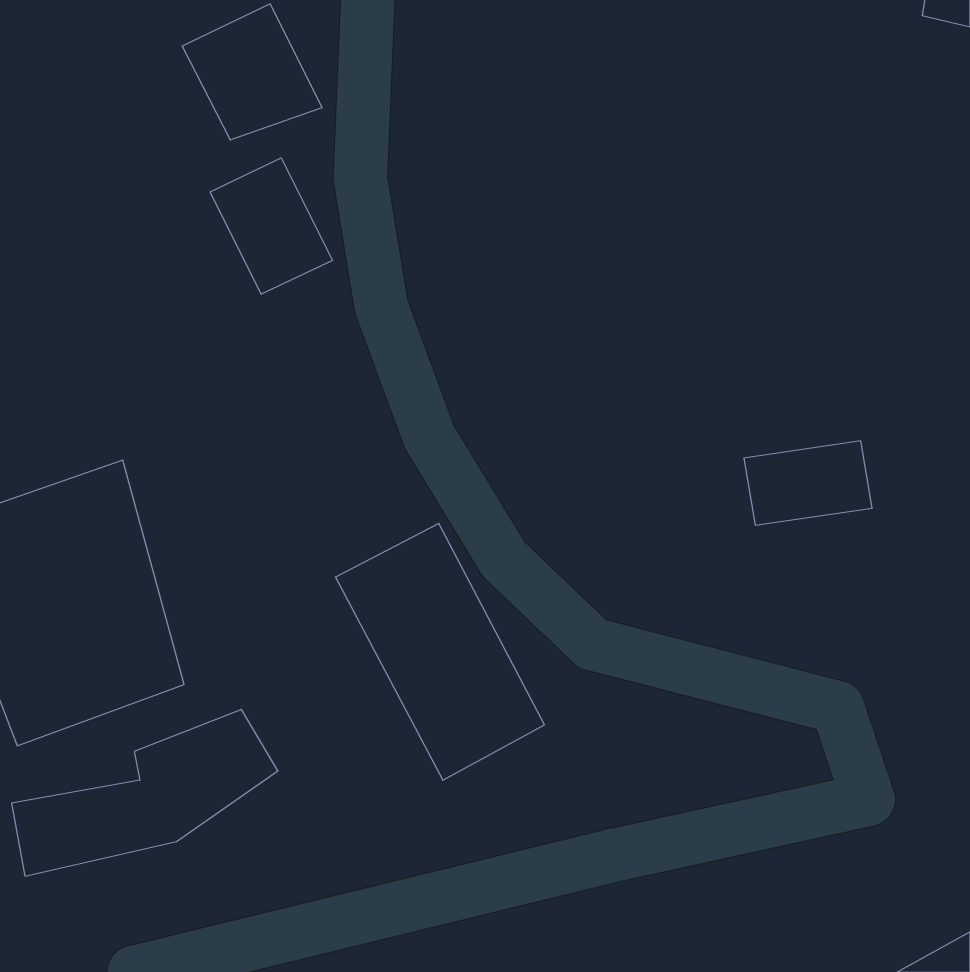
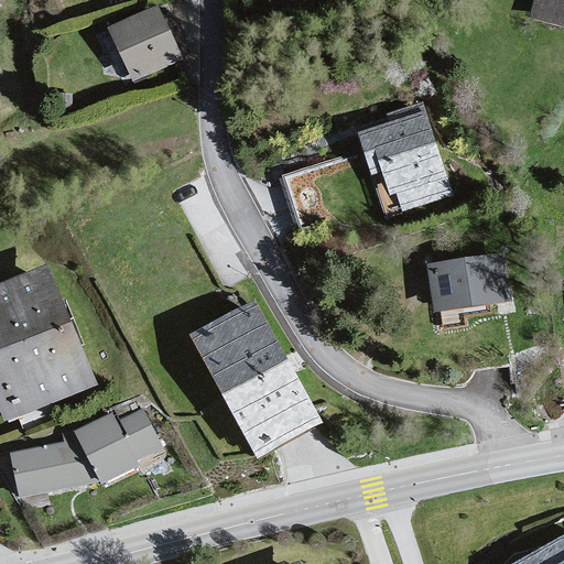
building: [210,158,332,294] -> none
building: none -> [362,112,446,207]

